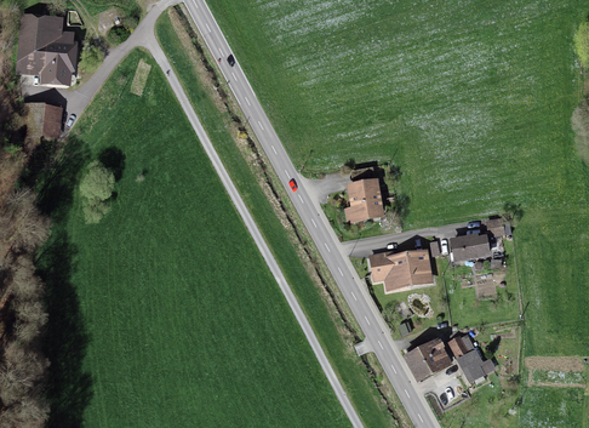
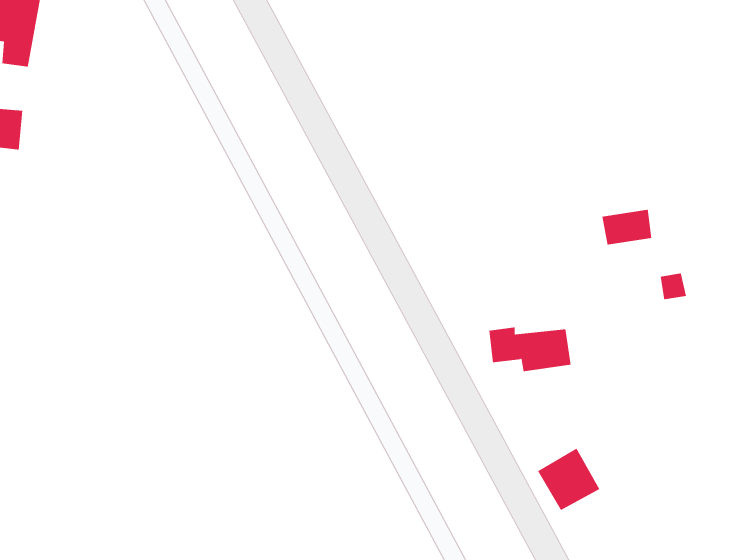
building: [351,177,381,218] -> none
building: [454,236,488,261] -> [602,209,652,245]
building: [452,335,492,381] -> none

